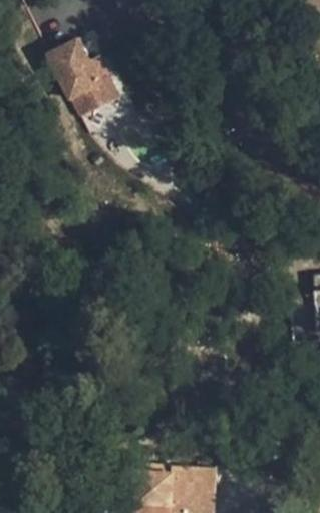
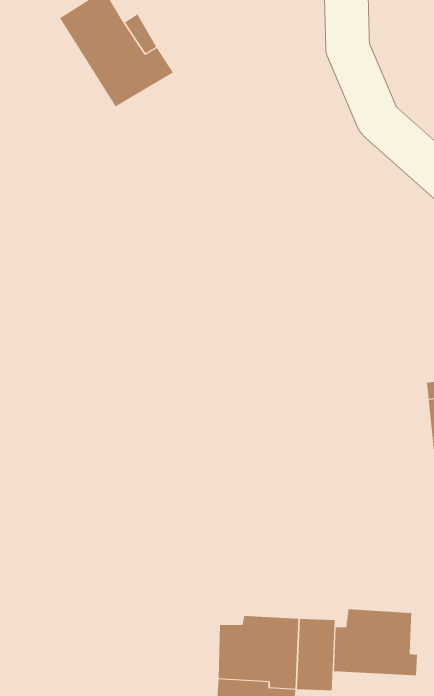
building: none -> [333,608,417,676]

